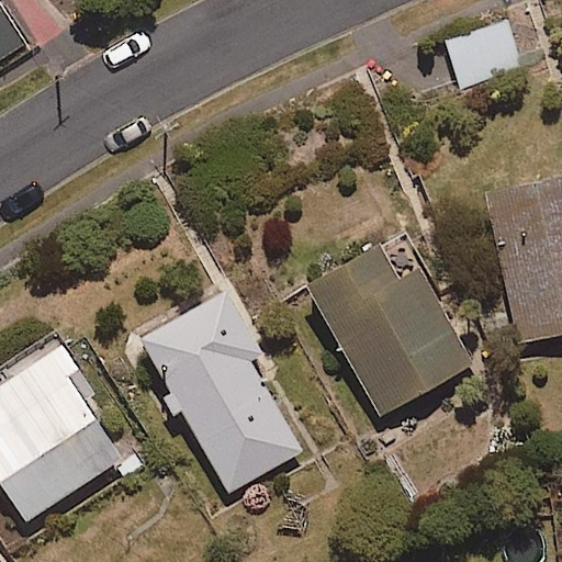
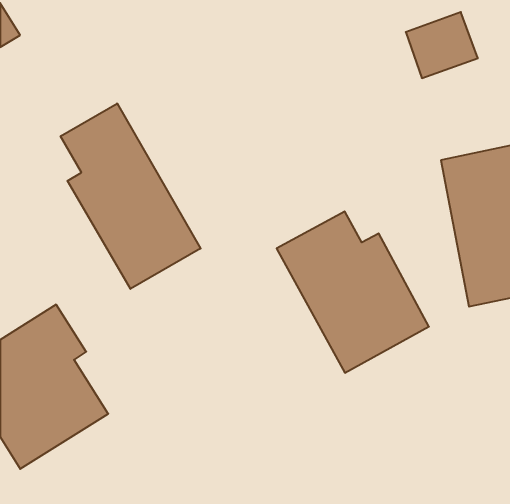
building: none -> [61,103,201,289]
building: [138,284,303,495] -> none

